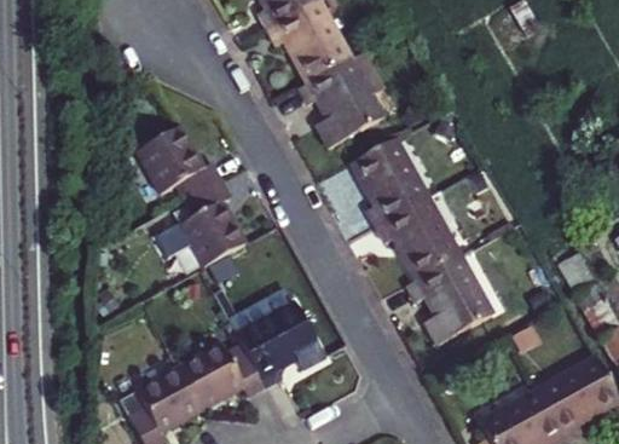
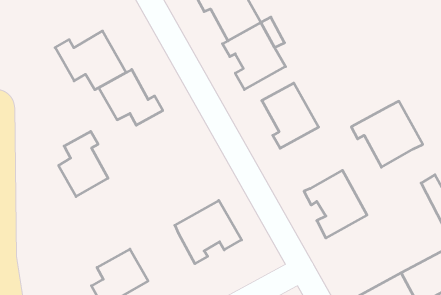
building: none -> [55,31,126,90]
building: [179,178,244,264] -> [59,131,108,197]
building: [376,194,470,281] -> [351,101,423,167]
building: [178,336,264,403] -> none

